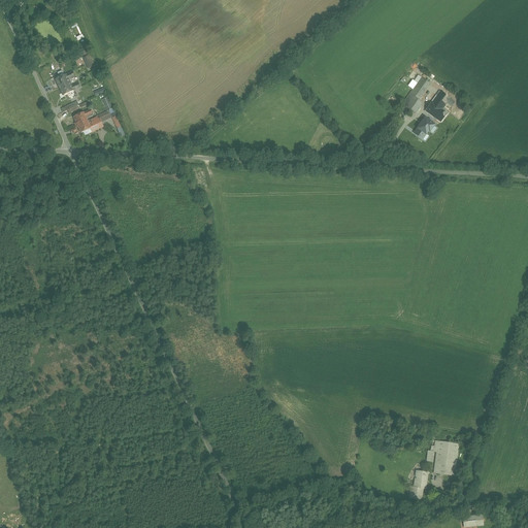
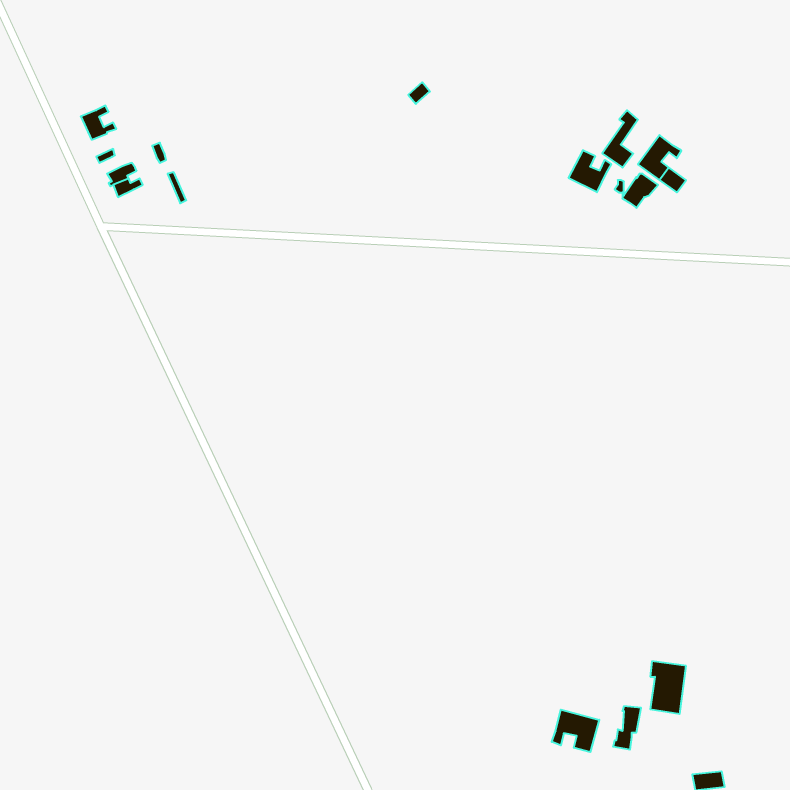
building: none -> [569,150,611,192]
building: none -> [552,710,599,752]

